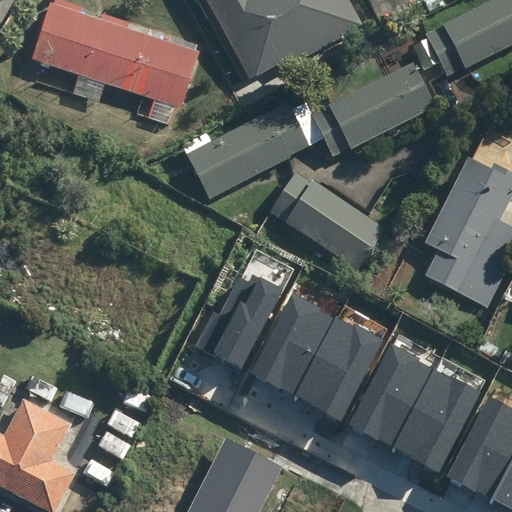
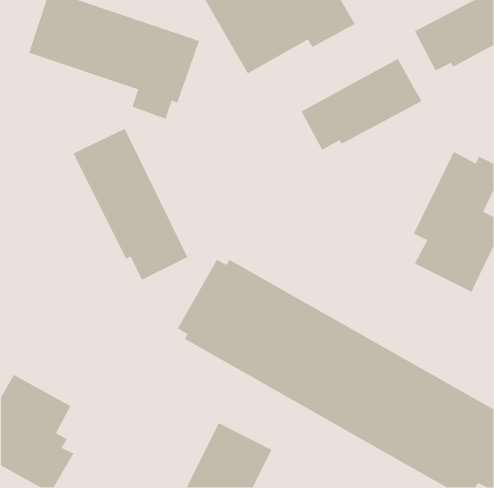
building: [189,103,309,194] -> none
building: none -> [73,128,188,281]
building: [273,171,386,266] -> none

